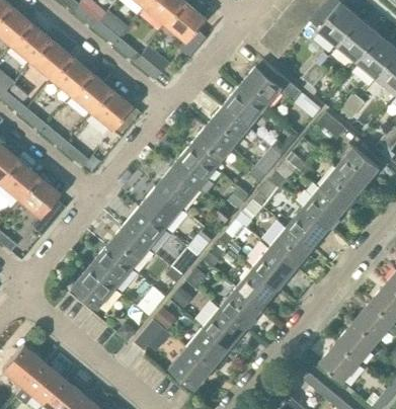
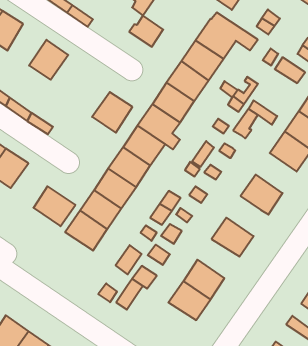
building: [133,48,167,80] -> [129,15,163,47]
building: [50,54,90,96] -> none
building: [90,89,132,131] -> [92,92,132,133]
building: [288,208,329,249] -> none
building: [254,248,297,290] -> none
building: [74,267,116,309] -> [33,186,75,226]
building: [221,289,263,329] -> none
building: [170,348,214,389] -> none

